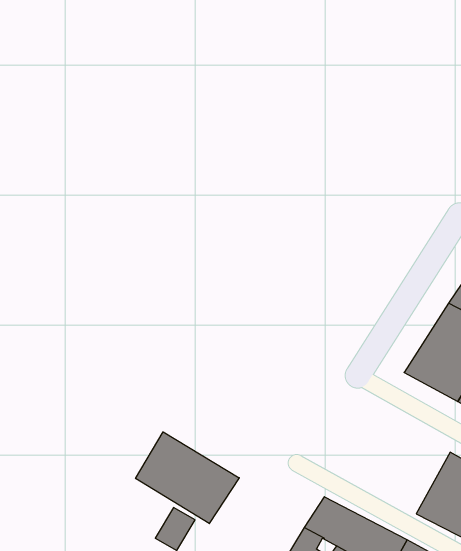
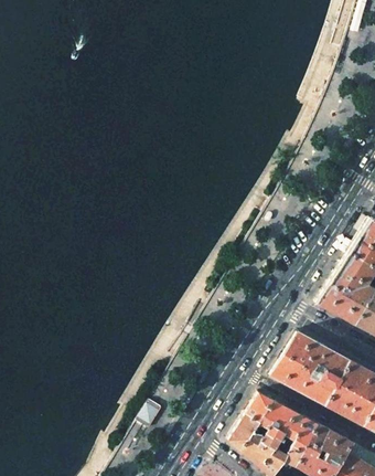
building: none -> [270,335,350,406]
building: [136,432,239,524] -> none

